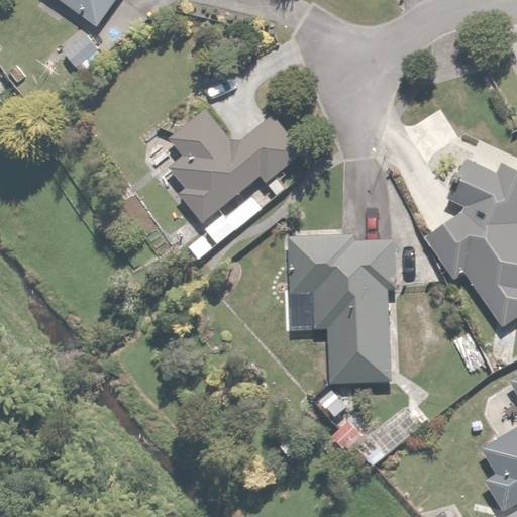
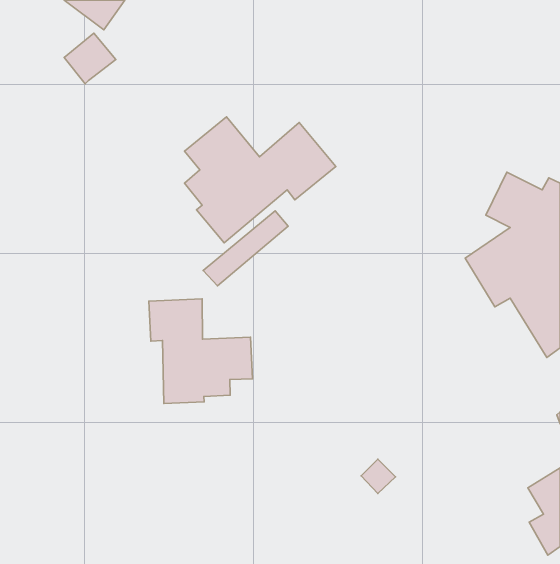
building: [288,237,396,385] -> none
building: none -> [149,299,252,403]

